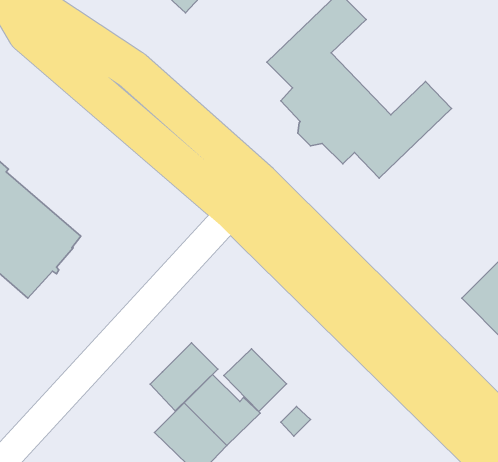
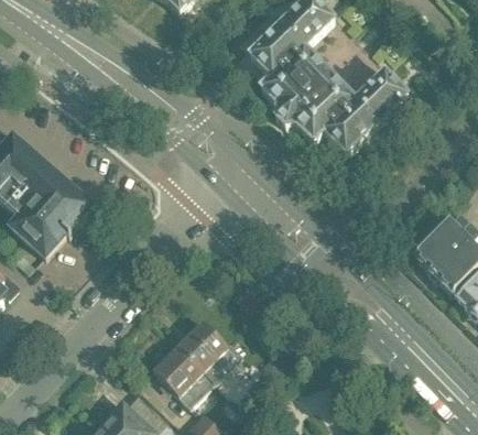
building: [150,343,218,411] -> none
building: [224,349,287,412] -> none

